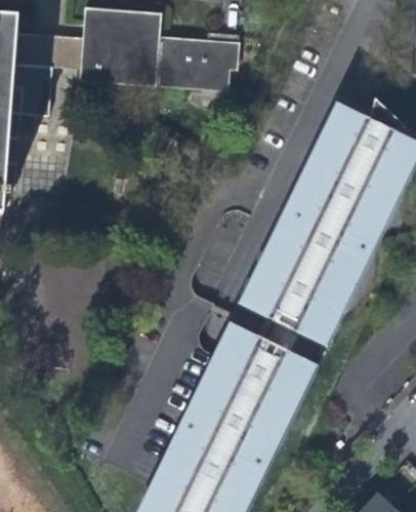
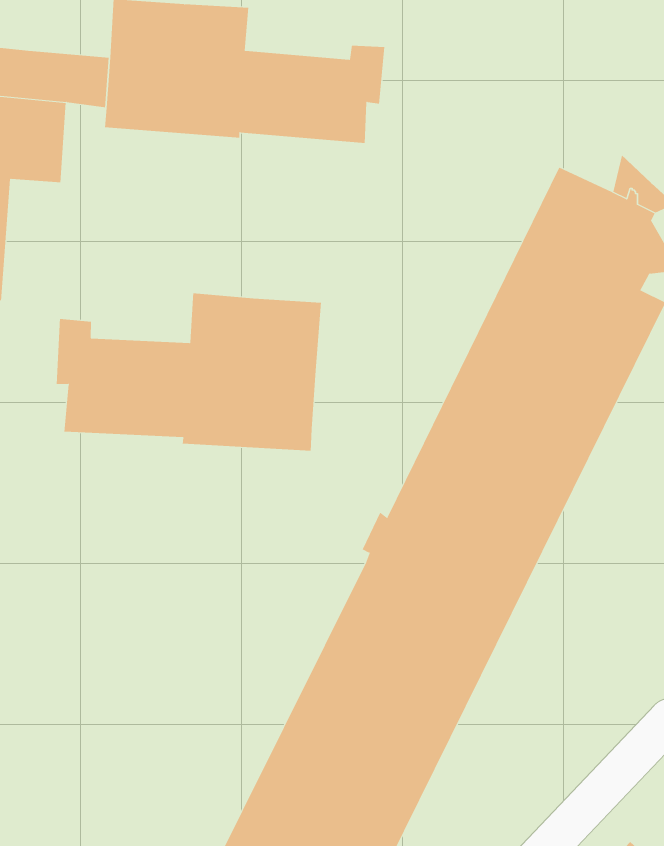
building: none -> [56,293,321,452]

